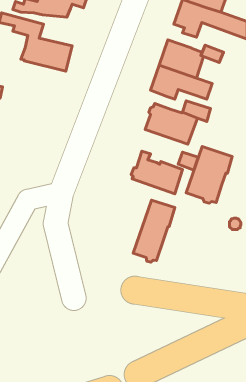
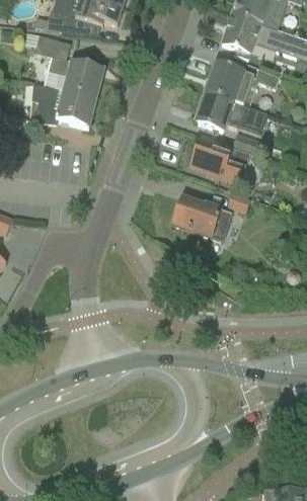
building: none -> [31,84,96,128]
building: [186,147,232,203] -> none
building: [133,200,175,262] -> none

